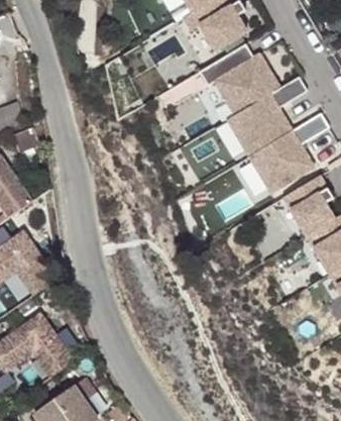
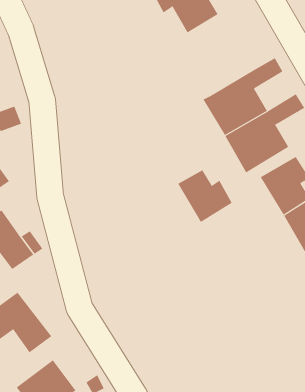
building: [198,44,278,116] -> none
building: none -> [178,170,233,223]

